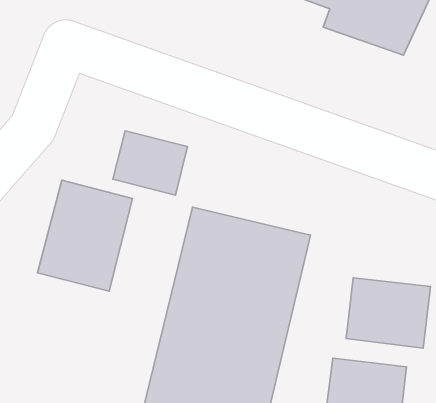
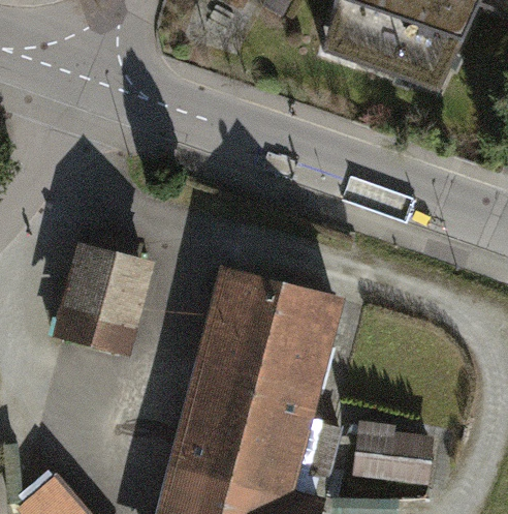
building: [113,131,187,195] -> none
building: [346,278,430,348] -> none

